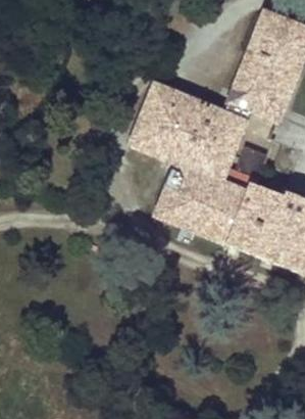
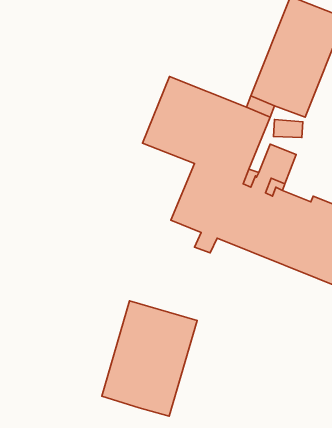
building: none -> [102,301,197,416]

